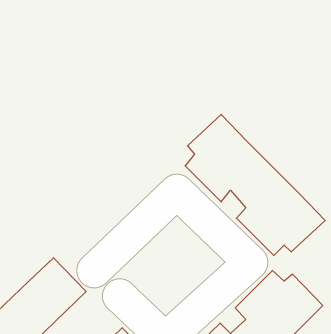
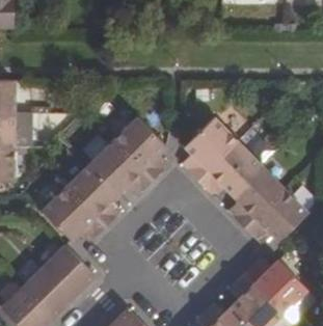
building: none -> [44,117,169,243]

